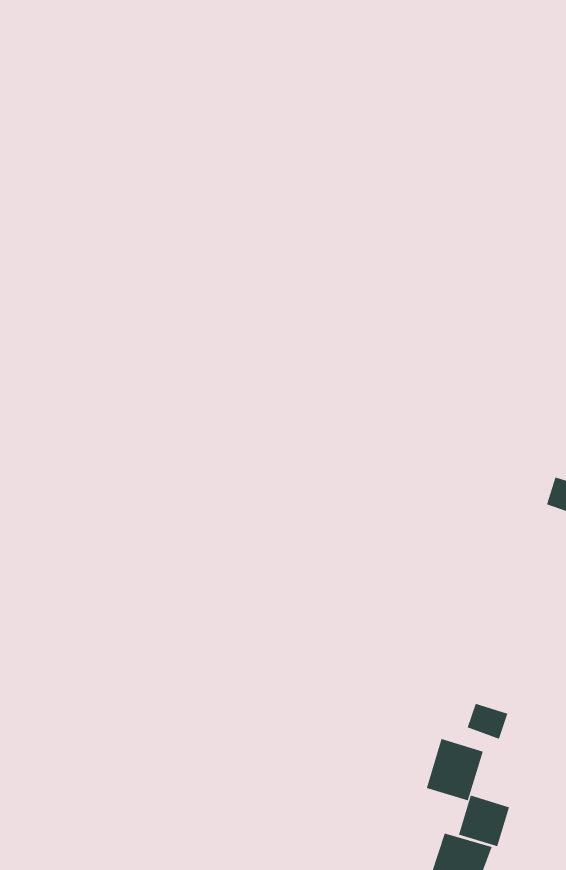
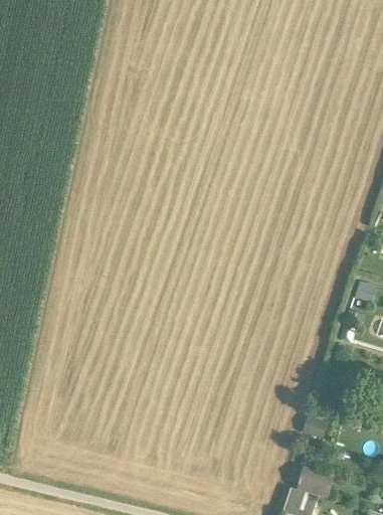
building: [426,738,483,801] -> none

